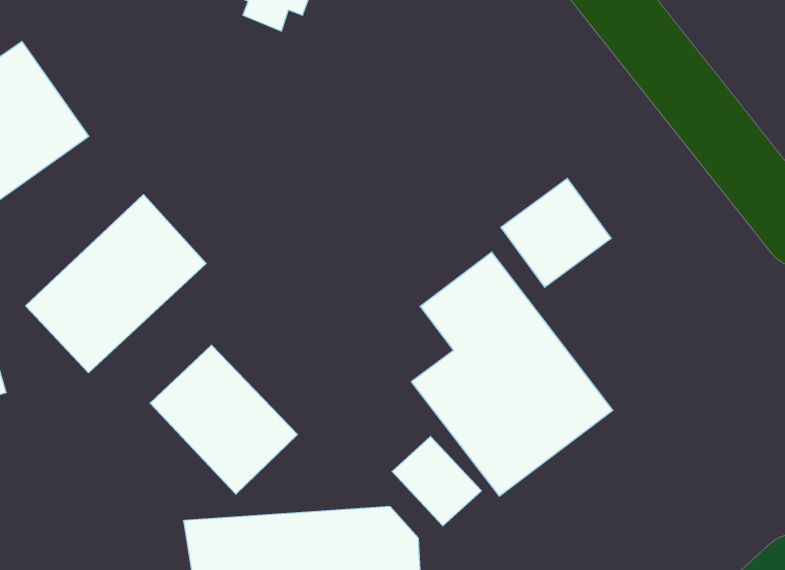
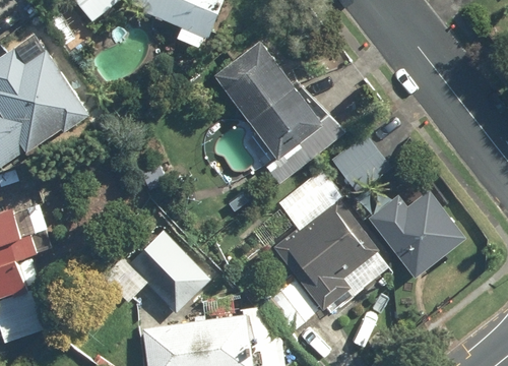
building: none -> [211,38,326,161]
building: [26,195,206,373] -> none
building: none -> [369,191,466,278]

